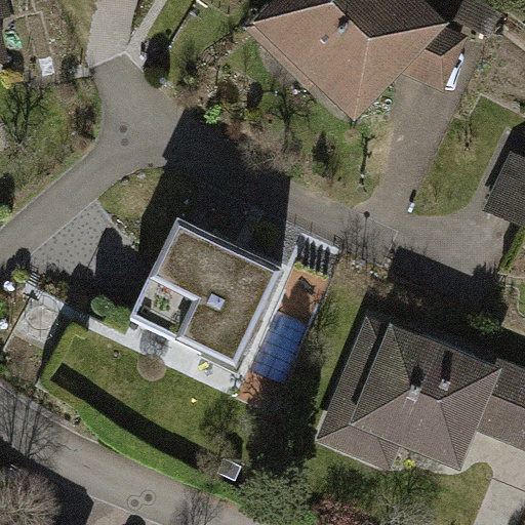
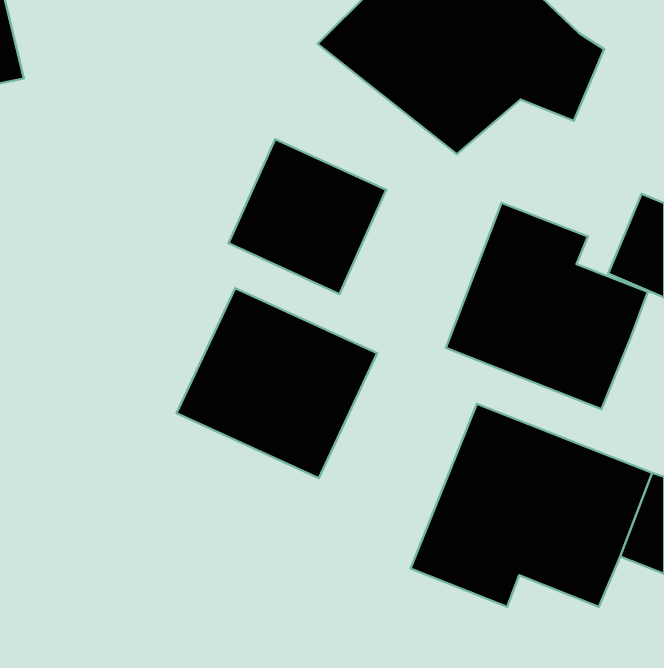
building: none -> [229,139,386,294]
building: none -> [446,203,648,409]

